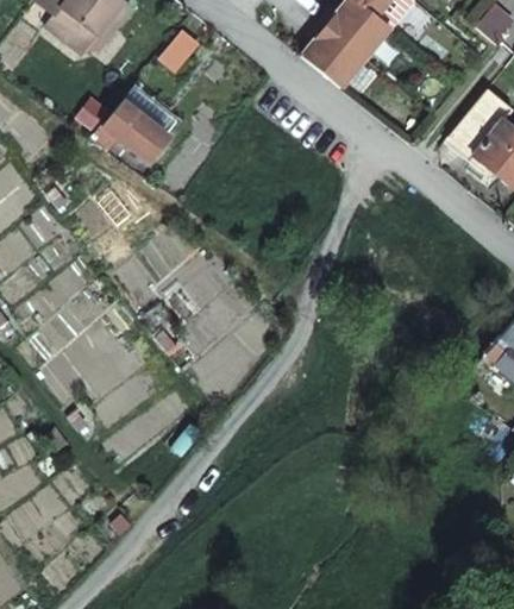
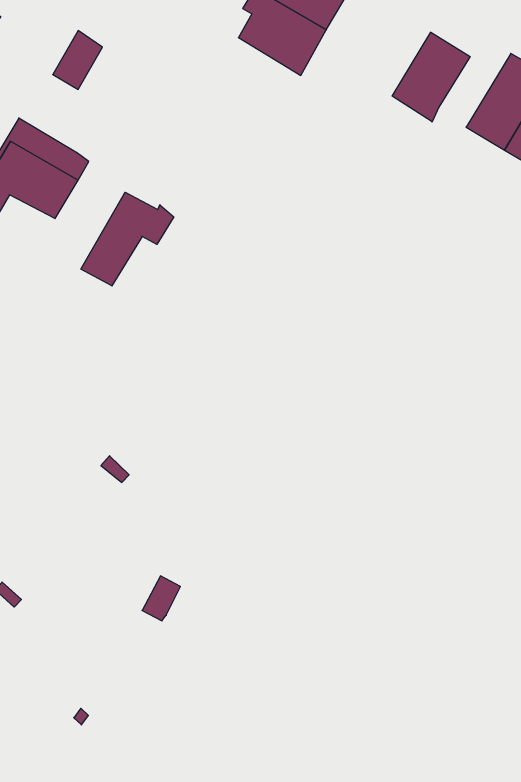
building: none -> [392,32,470,122]
building: none -> [81,192,174,286]

